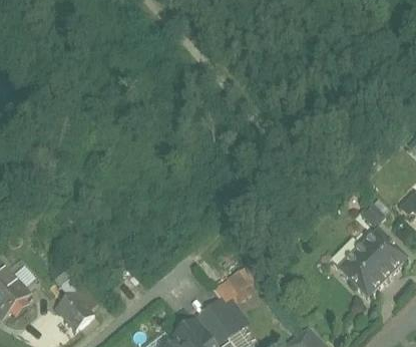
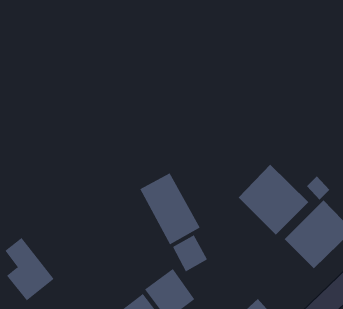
building: none -> [238,164,309,236]
building: none -> [140,172,200,245]

